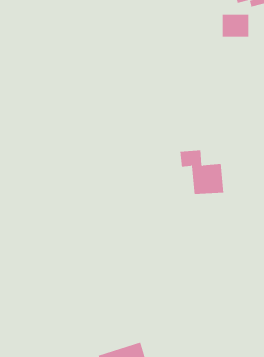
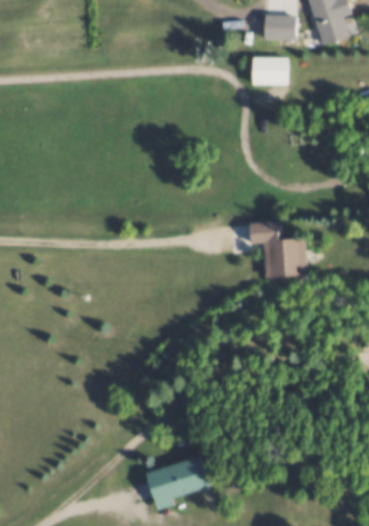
building: [222,14,249,37] -> [251,58,285,86]

